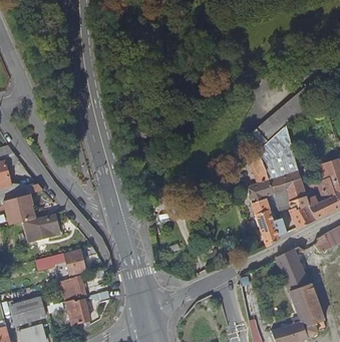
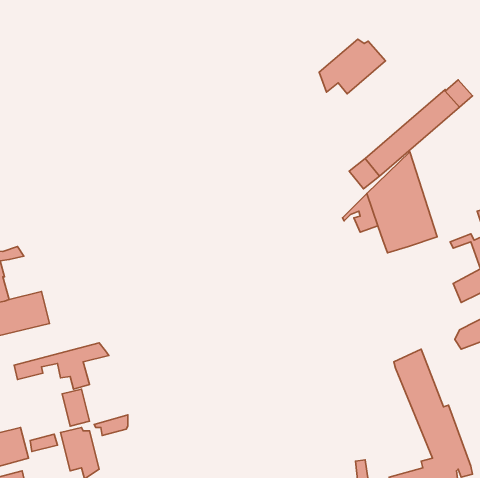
building: none -> [319,39,386,94]
building: [284,179,317,230] -> none
building: [246,181,286,247] -> none

